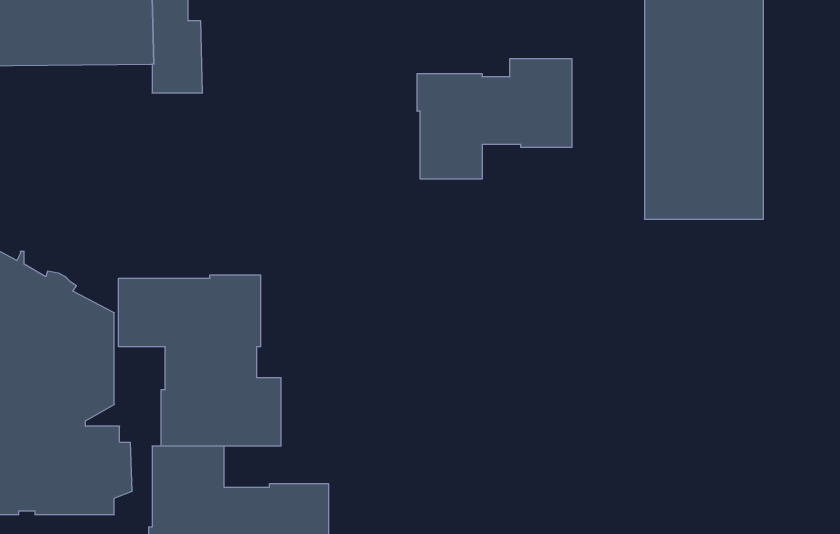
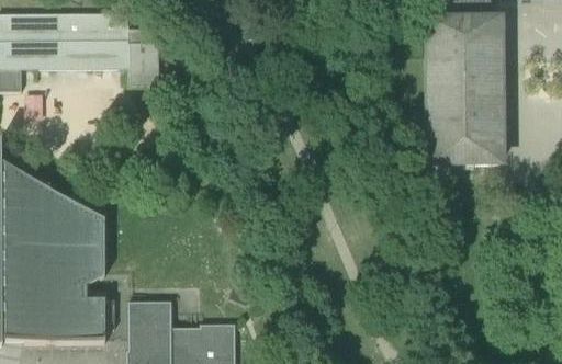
building: [417,59,572,179] -> none
building: [119,275,281,446] -> none

